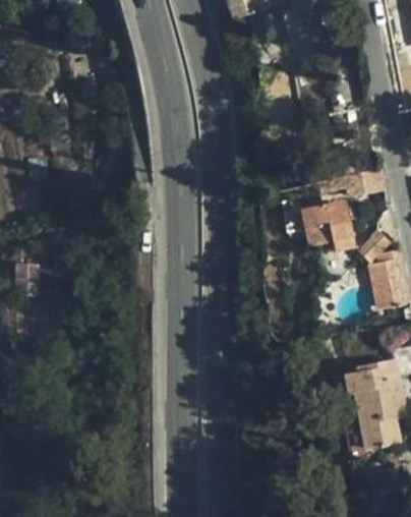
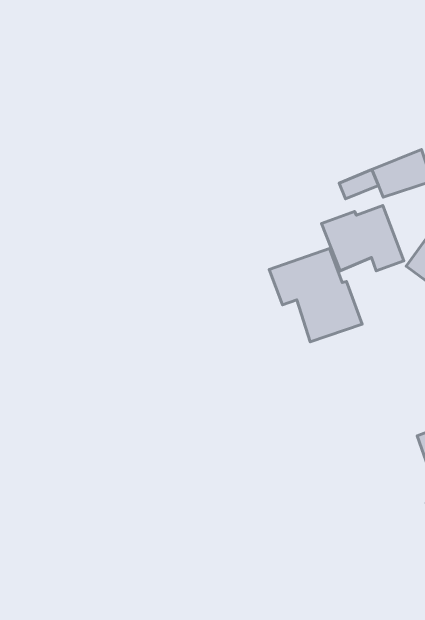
building: none -> [269,248,362,342]

